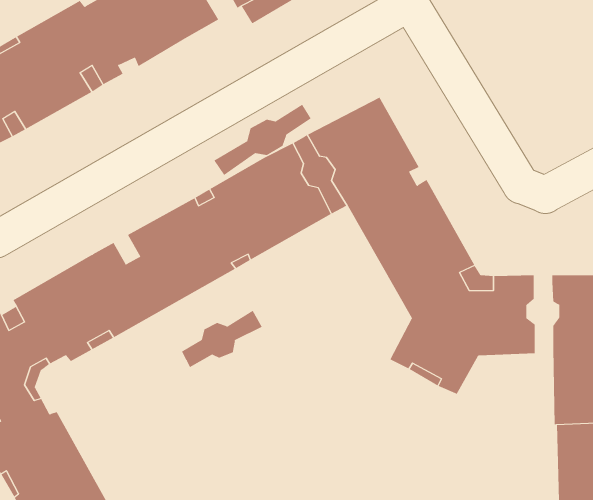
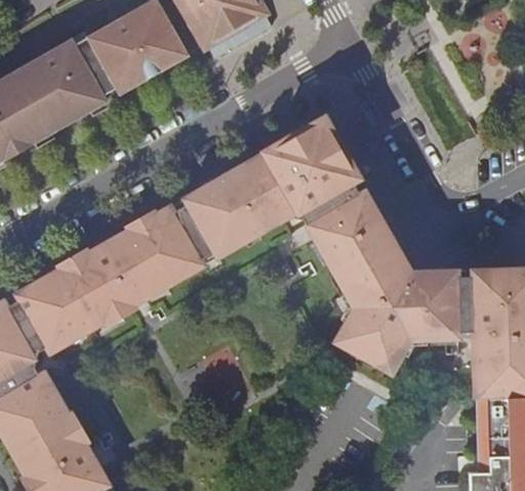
building: [214,104,312,176] -> none
building: none -> [451,276,478,333]
building: [181,310,263,368] -> none

